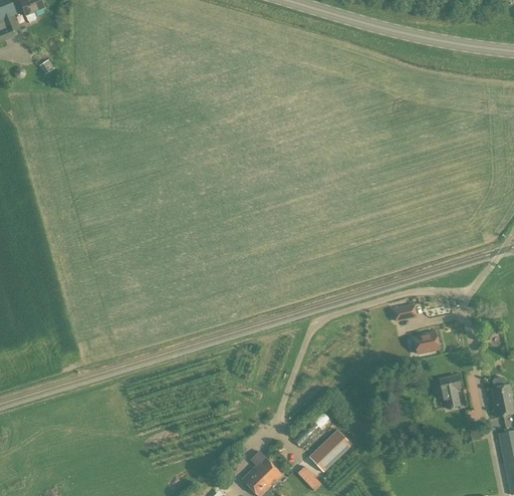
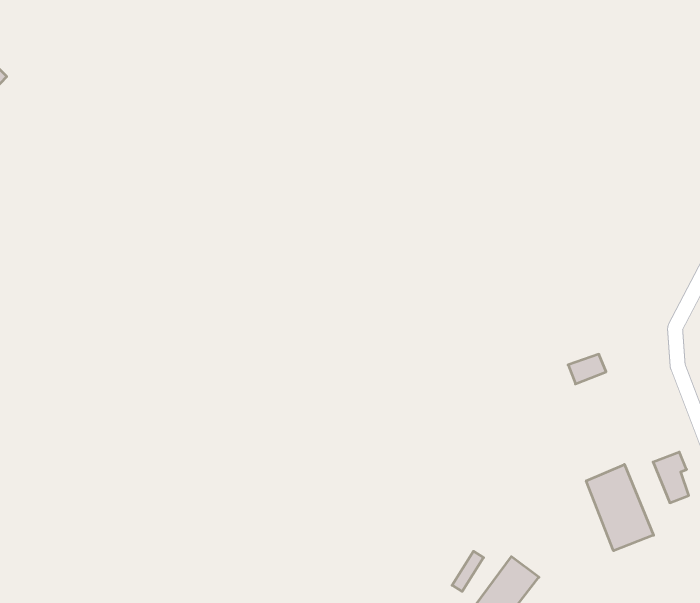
building: [413,333,438,353] -> none
building: none -> [586,464,654,551]

